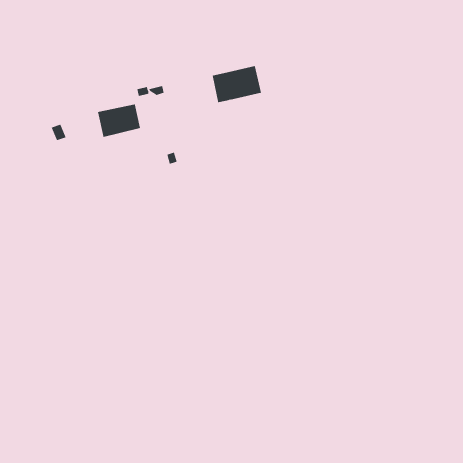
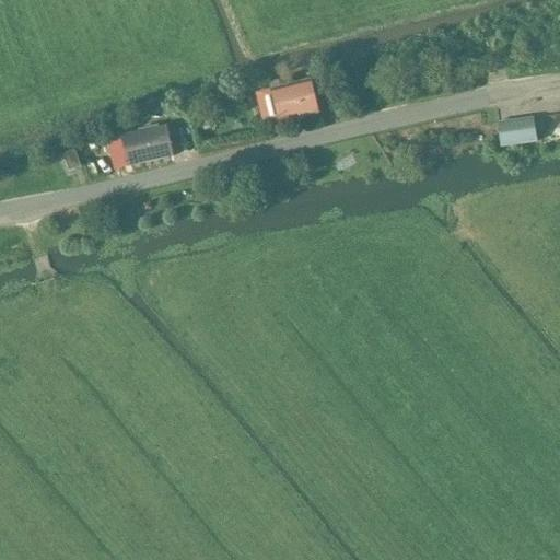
building: none -> [498,116,535,145]

